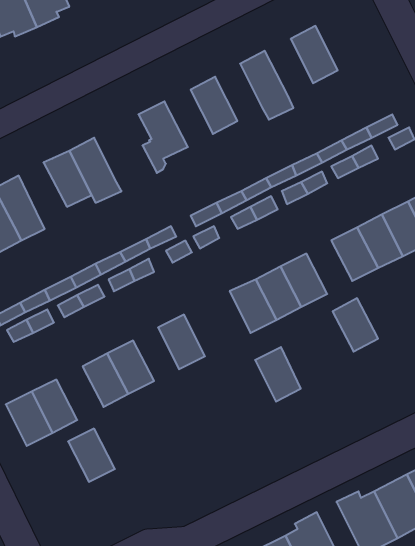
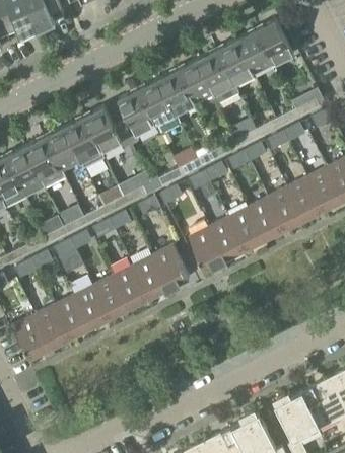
building: none -> [255,20,292,65]
building: none -> [215,41,253,85]
building: none -> [177,60,213,104]
building: none -> [137,80,180,134]
building: none -> [82,107,131,152]
building: none -> [23,137,65,188]
building: [333,298,378,352] -> [248,198,283,239]
building: none -> [113,266,148,307]
building: [255,347,301,402] -> [152,245,188,288]
building: [68,429,115,482] -> [53,296,89,337]

